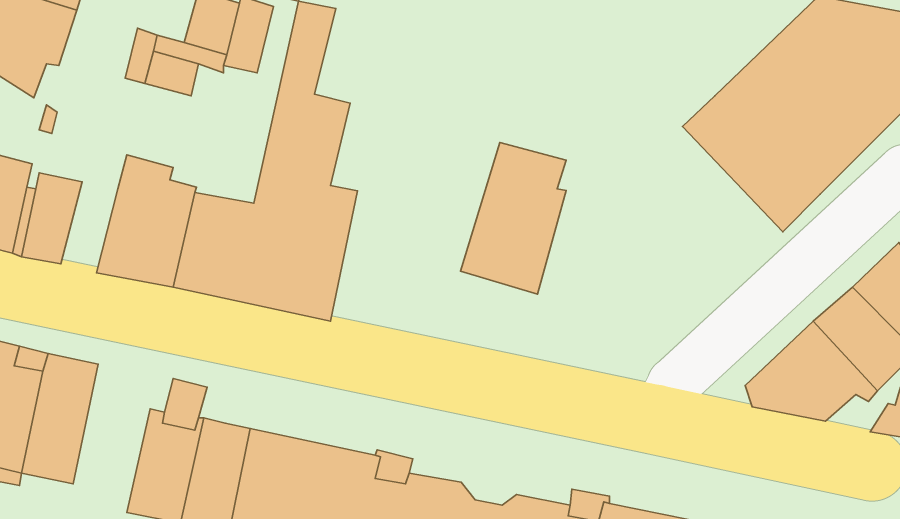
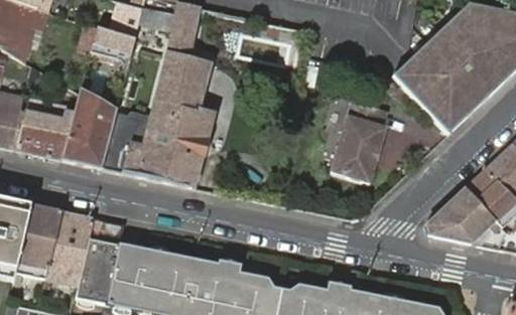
building: [461,142,566,294] -> [329,98,388,183]
building: none -> [39,108,72,159]
building: none -> [46,210,94,285]

